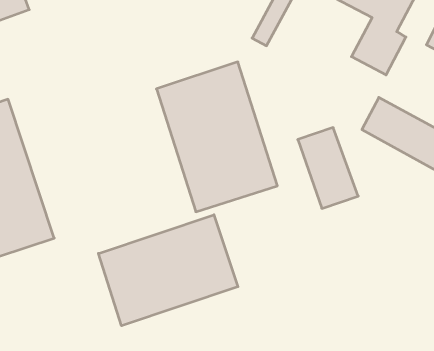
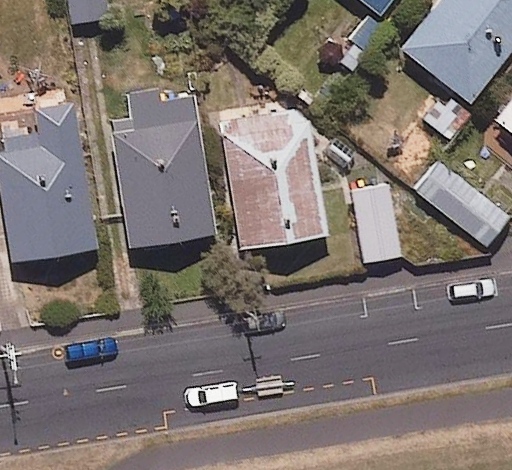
building: none -> [113,91,214,246]
building: [98,215,238,326] -> none

